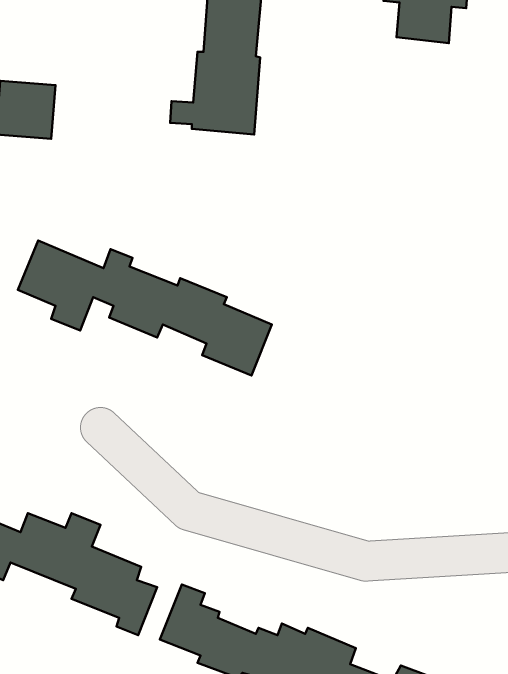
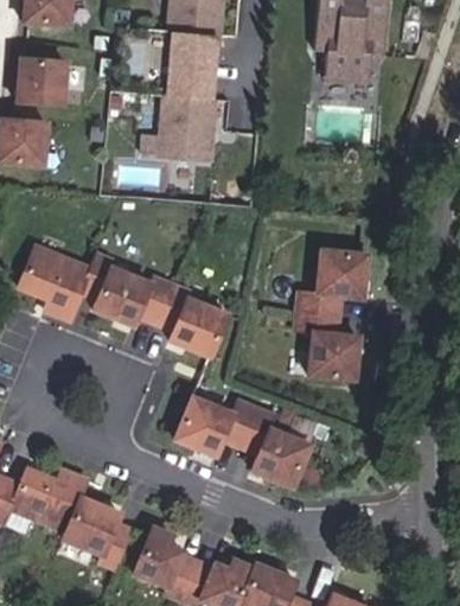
building: none -> [19,56,68,103]
building: none -> [294,250,364,379]
building: none -> [173,397,307,486]

